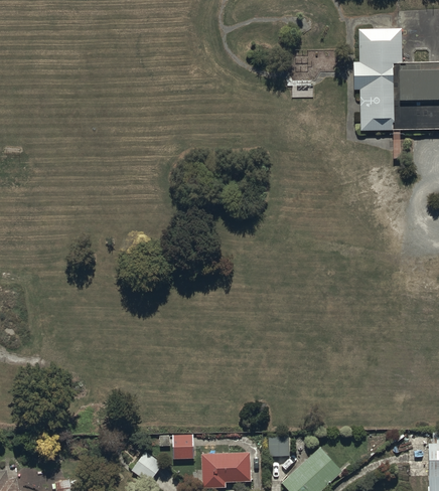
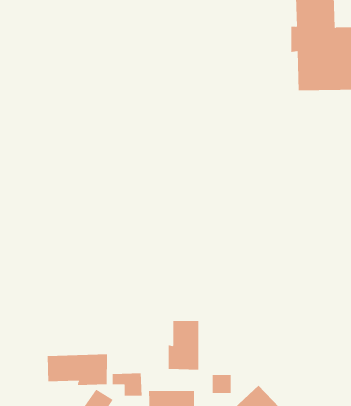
building: none -> [168,320,199,370]
building: none -> [47,354,108,386]

